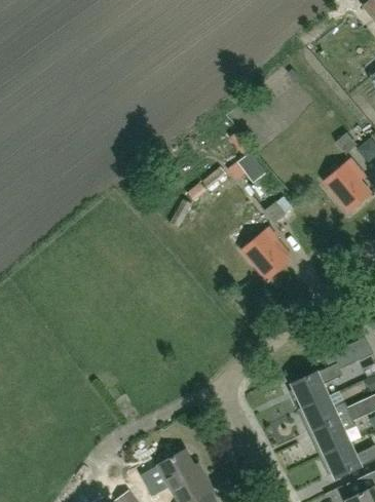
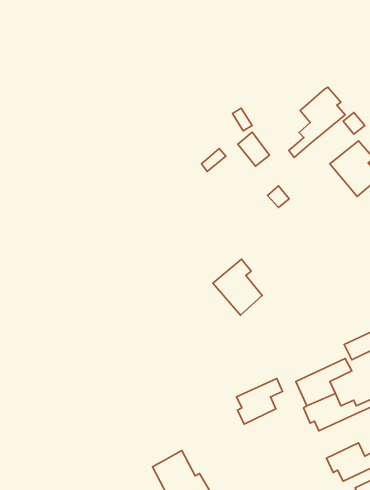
building: none -> [289,87,345,157]
building: [241,226,288,278] -> [213,259,262,315]
building: [313,414,357,457] -> [236,378,282,424]

